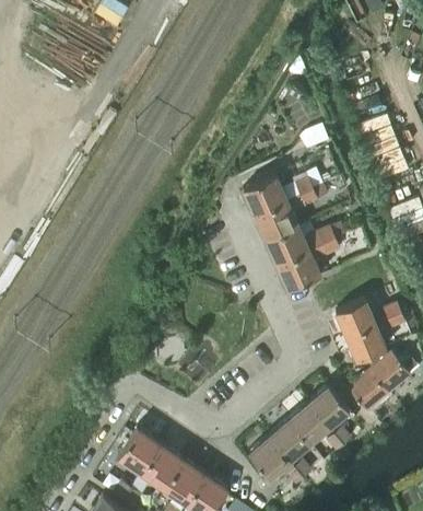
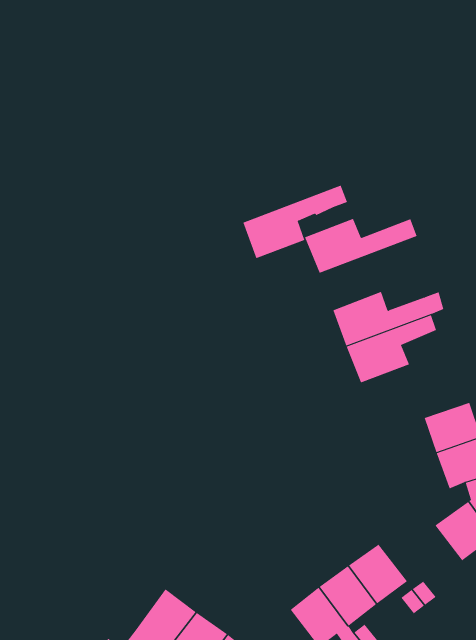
building: [255,185,328,241] -> [243,185,348,259]
building: [308,386,350,429] -> none
building: [117,429,160,475] -> none

